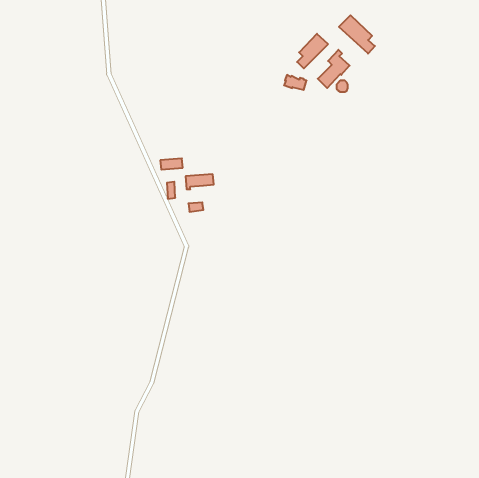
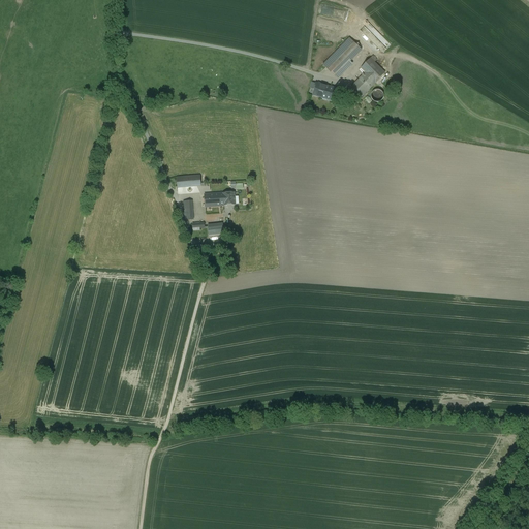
building: [339,15,375,54] -> none

